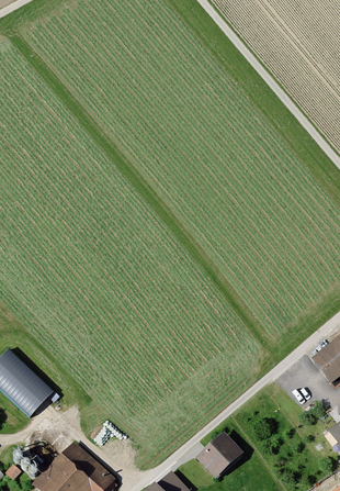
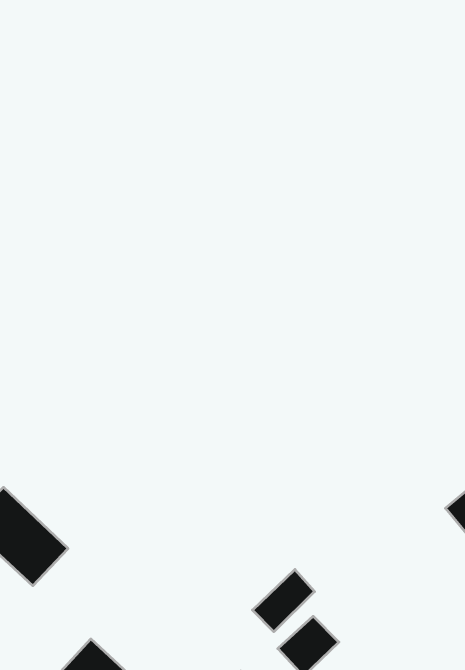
building: none -> [252,569,315,632]

